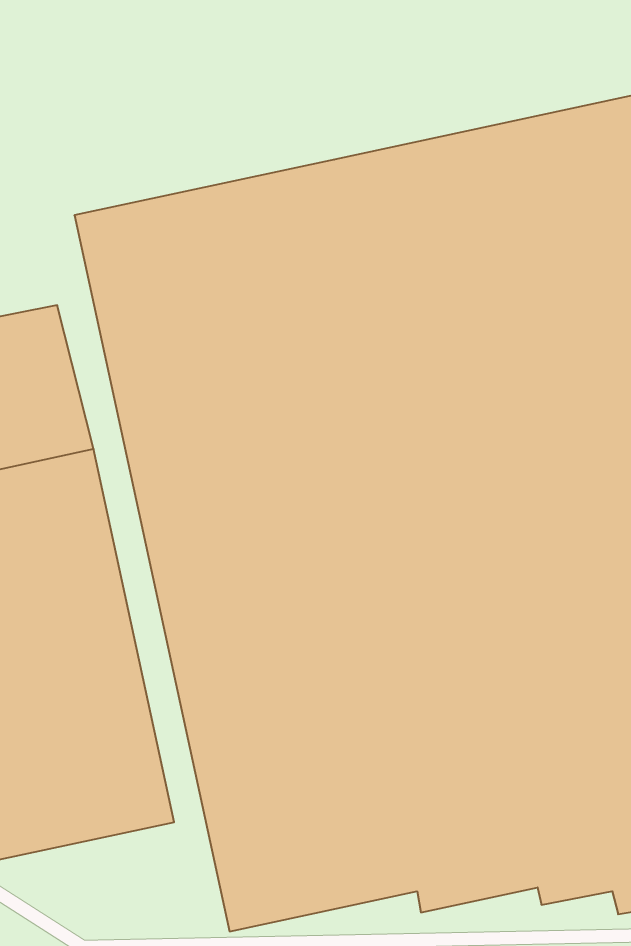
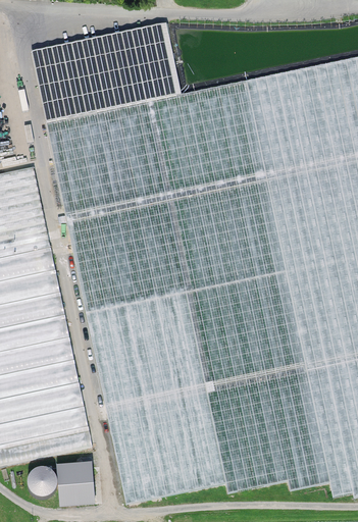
building: none -> [31,25,181,121]
building: none -> [31,458,99,504]

